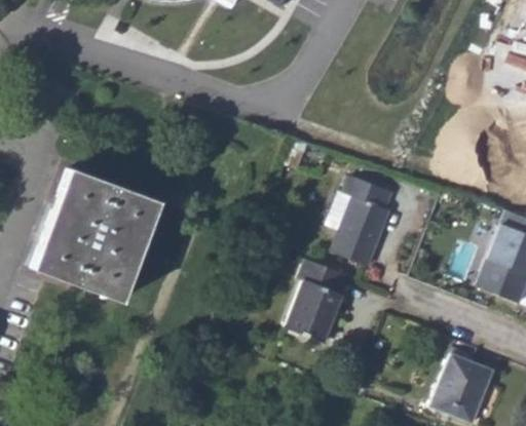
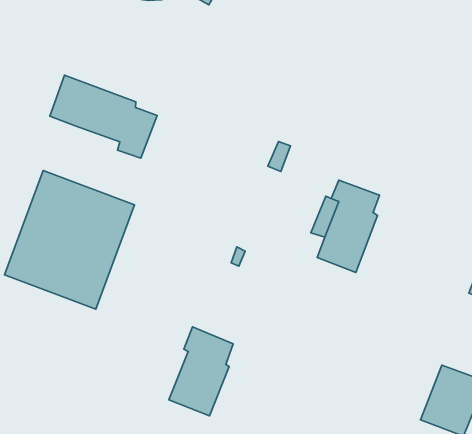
building: none -> [50,75,157,158]
building: [287,257,348,342] -> [169,327,233,416]

